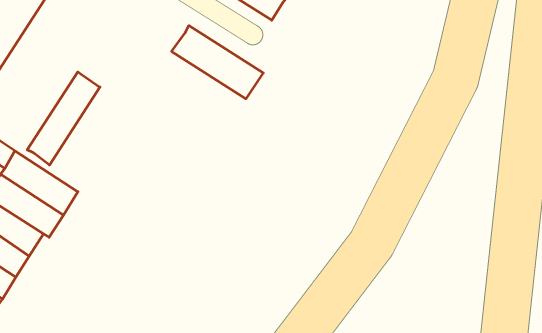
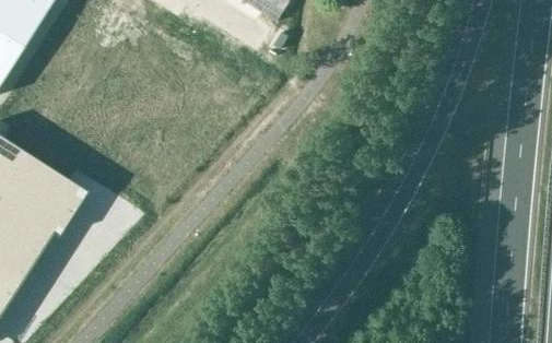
building: [172,26,263,99] -> none
building: [27,72,100,165] -> none

